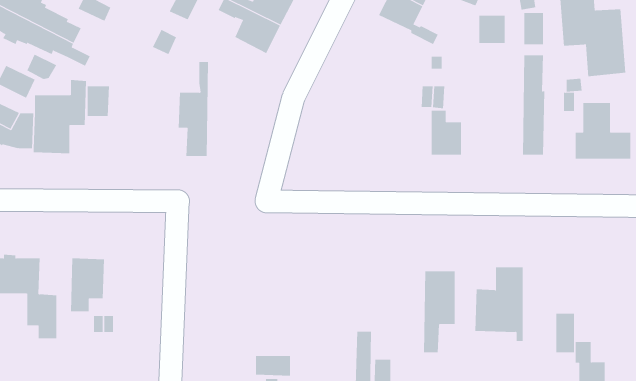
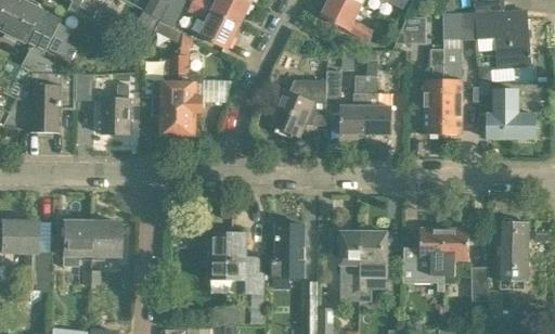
building: none -> [177,35,203,134]
building: none -> [424,48,443,133]
building: none -> [271,68,340,136]
building: none -> [102,84,129,133]
building: none -> [339,95,365,133]
building: none -> [495,217,528,280]
building: none -> [89,221,118,255]
building: none -> [270,223,304,277]
building: none -> [443,228,467,282]
building: none -> [207,231,263,292]
building: none -> [337,231,360,300]

